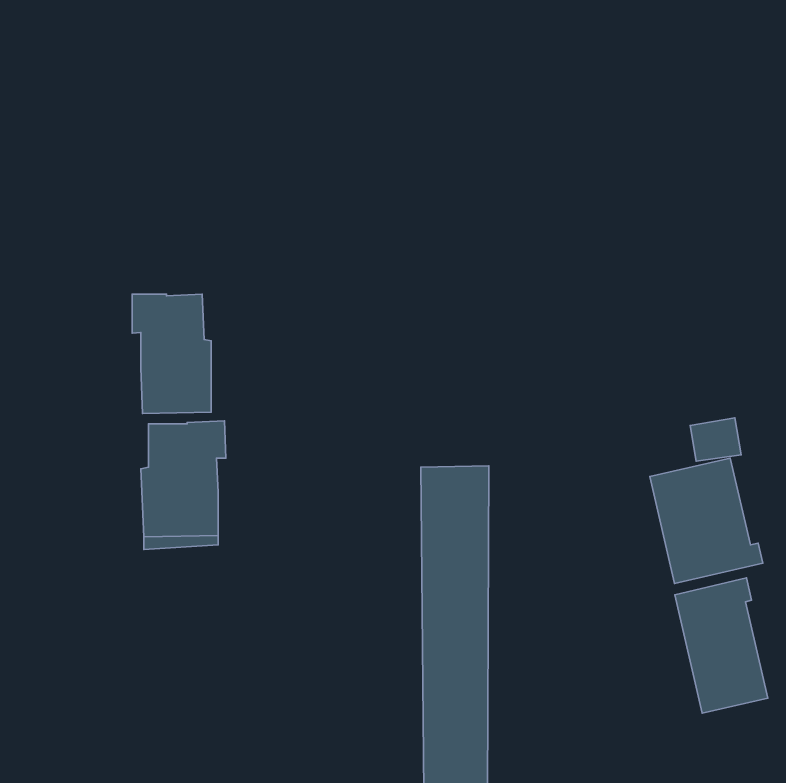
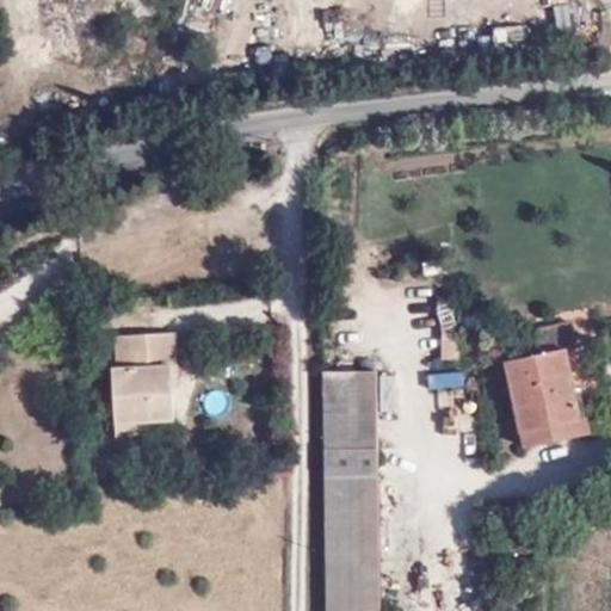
building: [132,294,211,413] -> none
building: [675,578,768,713] -> none

